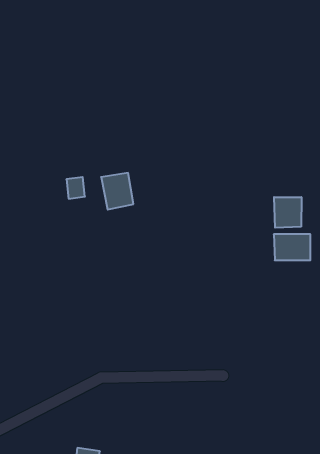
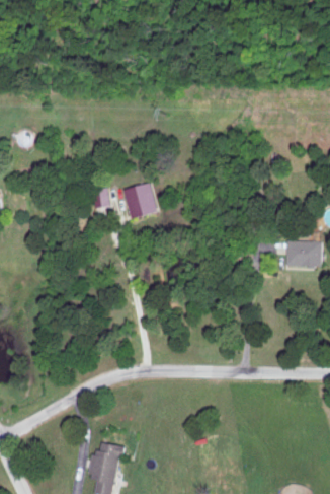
building: [274,197,301,228] -> none

